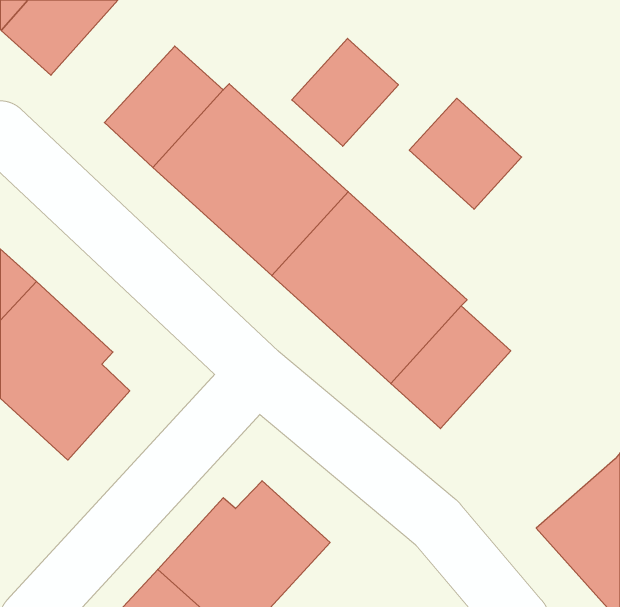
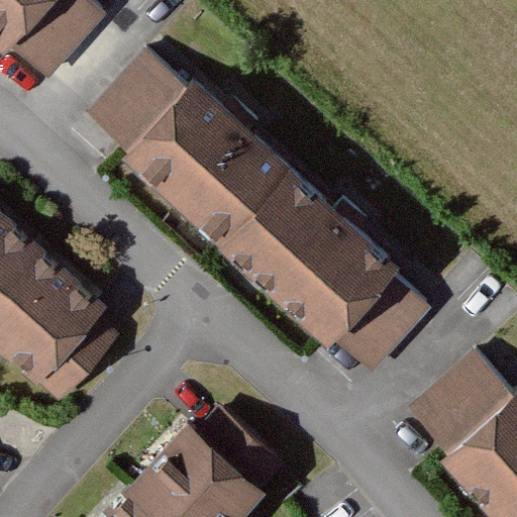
building: [292,38,398,146] -> none
building: [409,98,522,209] -> none
building: none -> [410,351,512,450]

